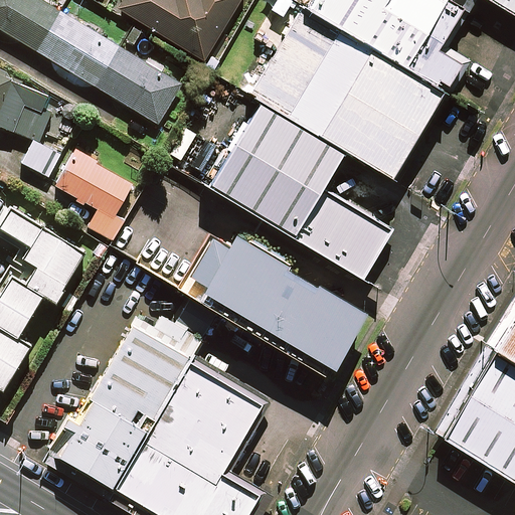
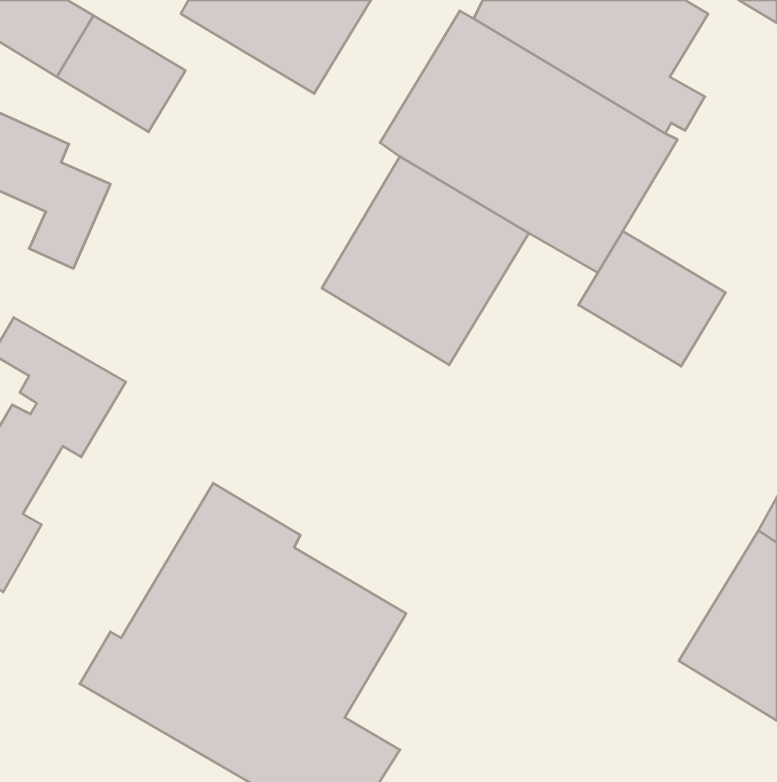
building: [98,47,184,125] -> none
building: [54,146,130,239] -> none
building: [295,192,391,281] -> [578,231,726,366]
building: [179,234,366,374] -> none

